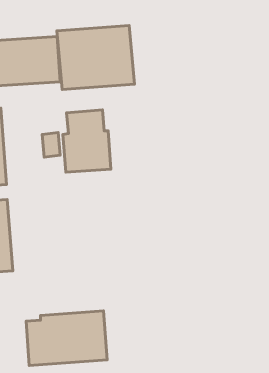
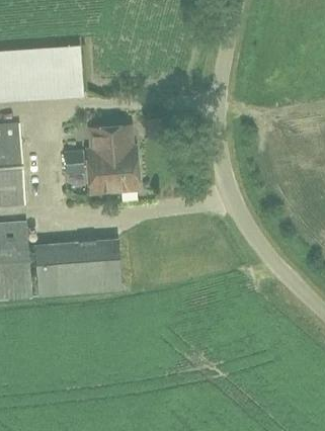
building: [57,26,134,89] -> none
building: [26,311,107,365] -> [34,239,121,297]

